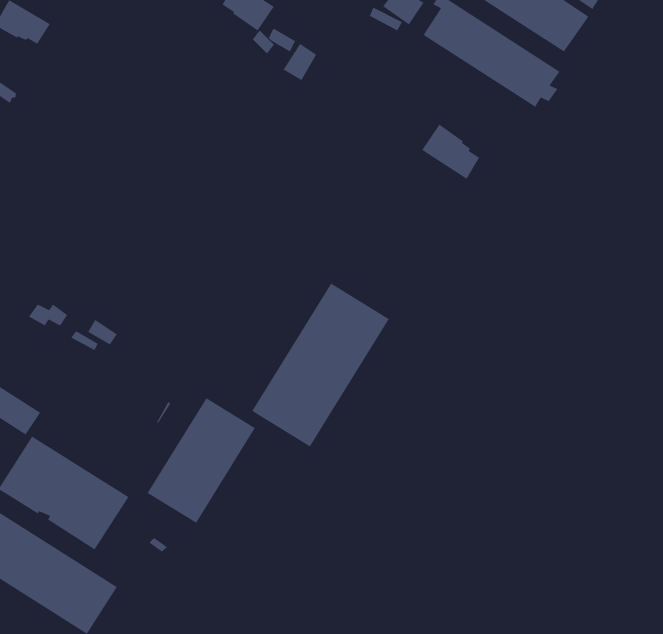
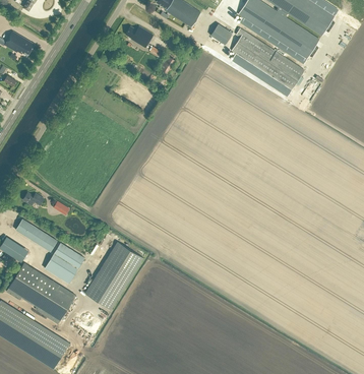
building: [421,124,480,180] -> none
building: [251,283,390,447] -> none
building: none -> [14,219,83,283]

